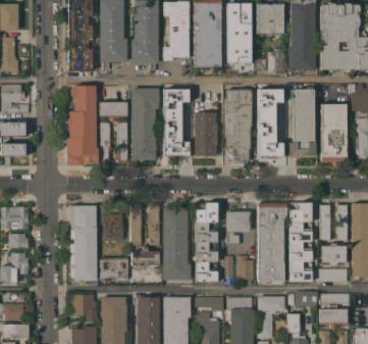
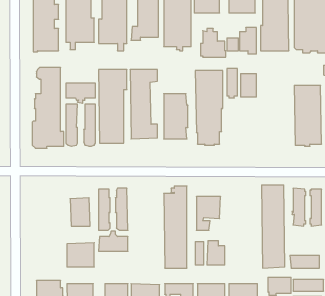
building: [288,90,315,158] -> none
building: [259,122,278,155] -> none
building: [258,203,286,281] -> none
building: [68,206,97,281] -> none
building: [163,207,191,280] -> none
building: [322,244,347,265] -> none

